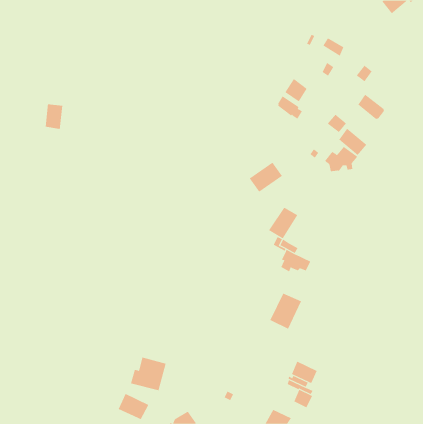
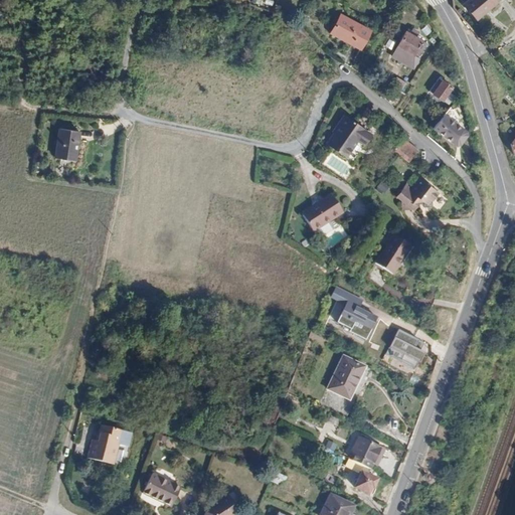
building: none -> [332,12,370,46]
building: none -> [398,30,427,57]
building: [284,78,308,102] -> [326,128,354,157]
building: [338,128,367,156] -> none
building: [268,207,298,239] -> [376,237,412,277]
building: none -> [386,330,424,368]
building: [130,357,167,391] -> [90,430,134,471]

